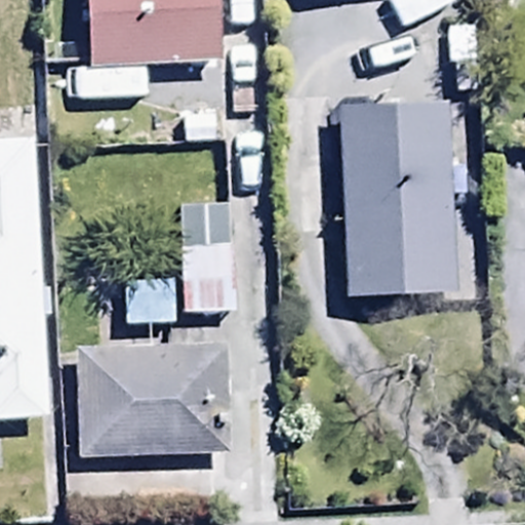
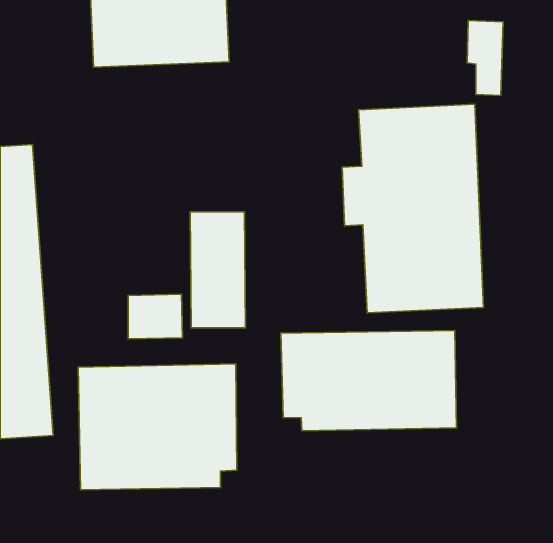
building: none -> [281,330,456,431]

